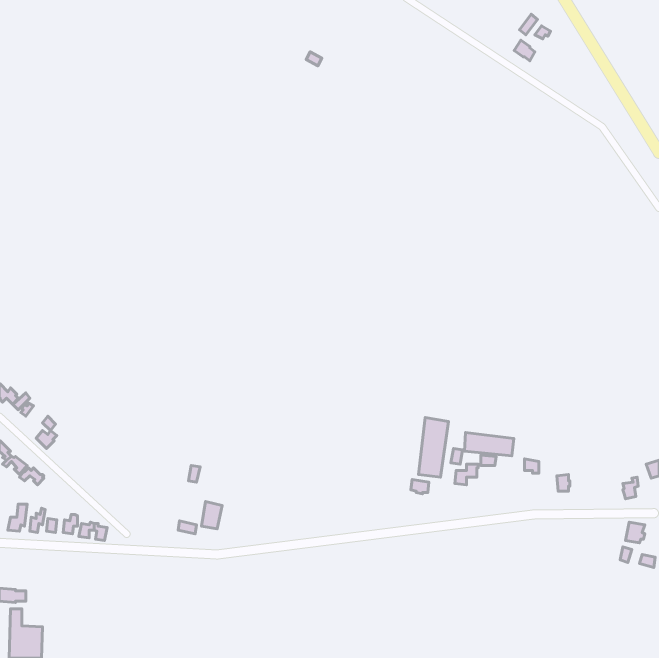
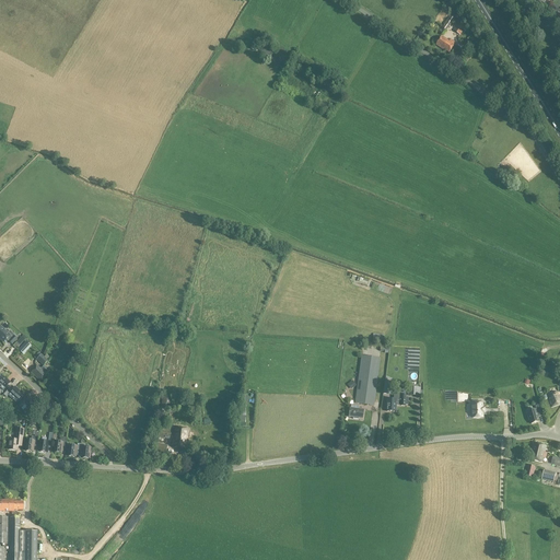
building: [464,433,514,456] -> none

